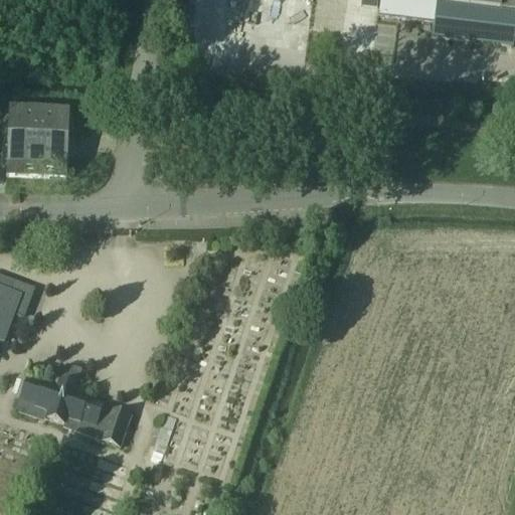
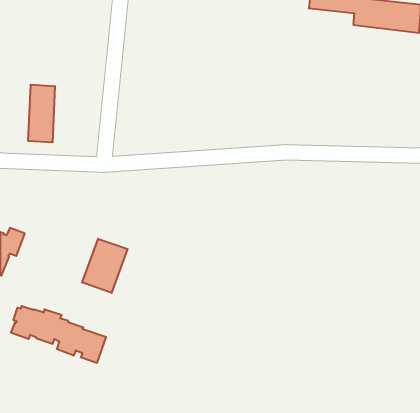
building: [5,103,38,172] -> none
building: none -> [82,239,128,293]

